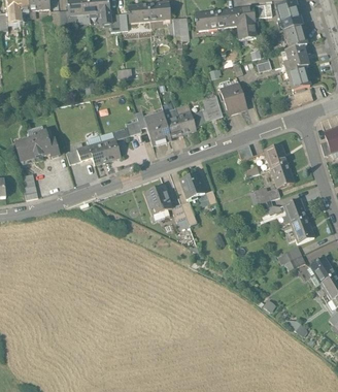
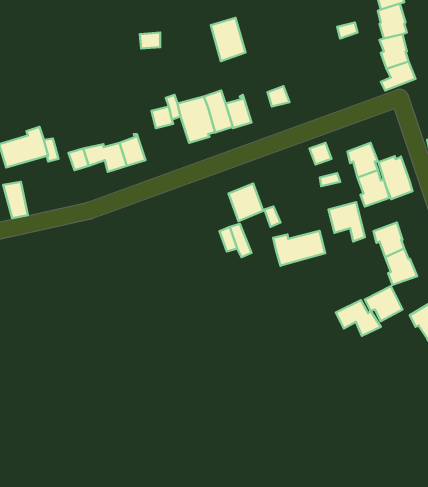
building: [222,83,246,113] -> [211,18,246,61]
building: none -> [378,156,412,199]
building: [144,186,172,220] -> none
building: none -> [273,231,325,266]
building: none -> [336,300,381,336]

